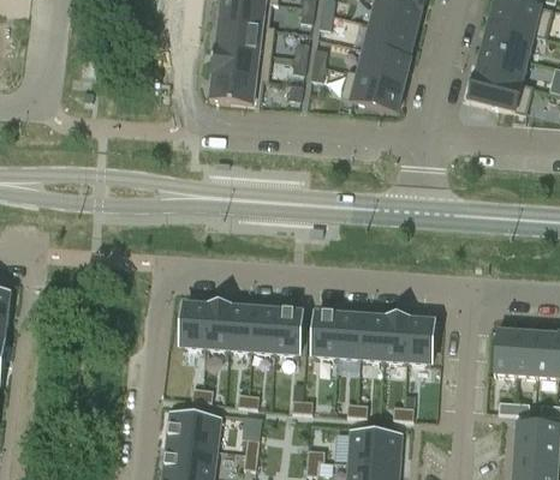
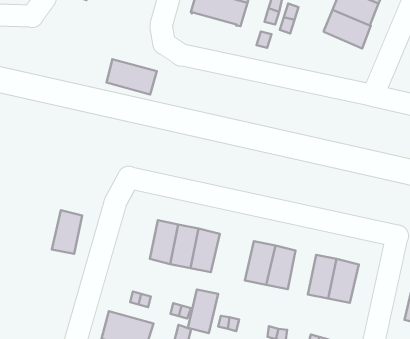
building: [340,68,403,109] -> none
building: [209,72,262,104] -> [107,59,157,94]
building: [180,301,208,347] -> [52,210,82,254]
building: [274,308,302,354] -> [188,289,218,333]
building: [361,314,386,360] -> none

